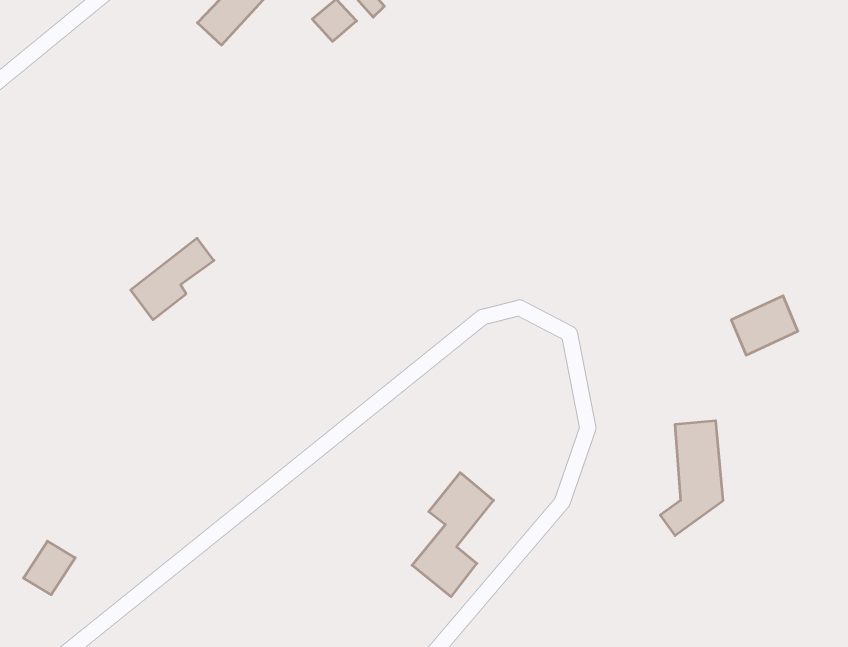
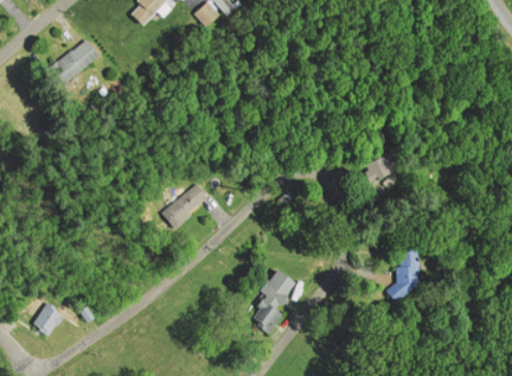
building: none -> [50,39,98,83]
building: [131,238,214,320] -> [160,185,206,230]
building: [731,296,798,355] -> [365,152,403,185]

